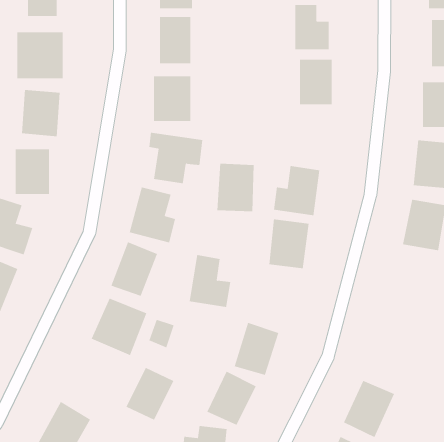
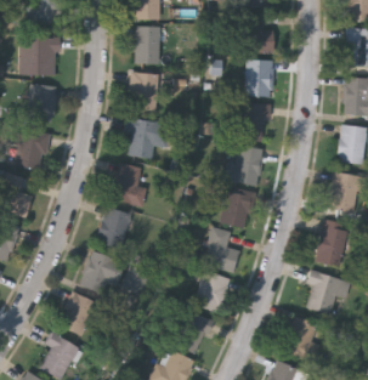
building: [217,163,255,212] -> [237,102,267,141]
building: [189,254,231,308] -> [205,227,239,270]
building: none -> [313,219,353,267]
building: none -> [302,271,344,316]
building: [126,367,174,420] -> [60,293,98,335]

